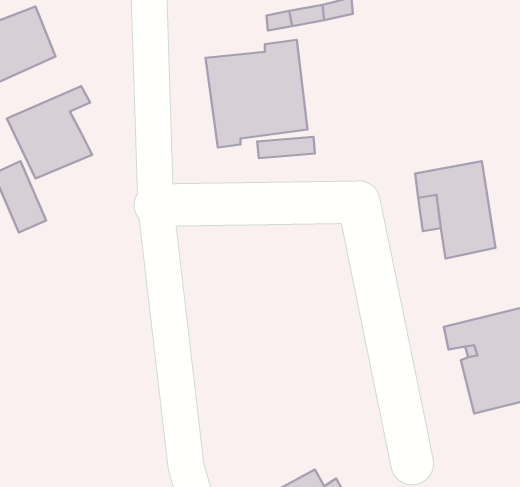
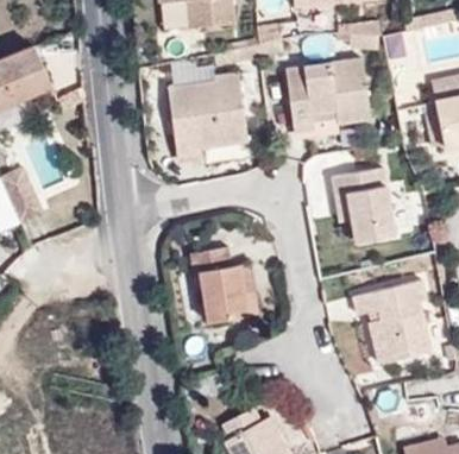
building: none -> [287,59,370,133]
building: [7,86,92,178] -> none
building: none -> [190,247,258,322]

